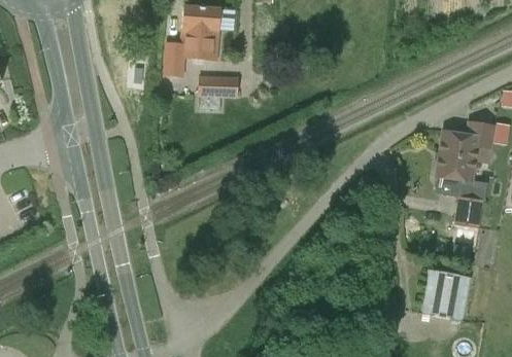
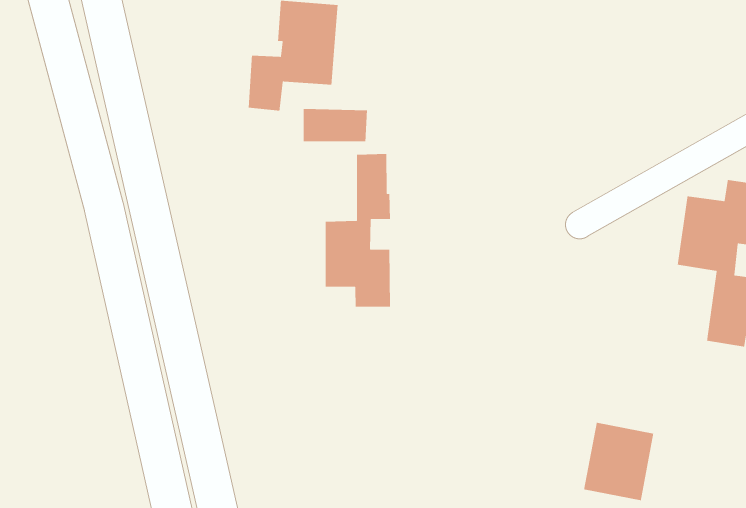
building: none -> [325,153,391,308]
building: [423,270,469,320] -> [583,422,654,501]

